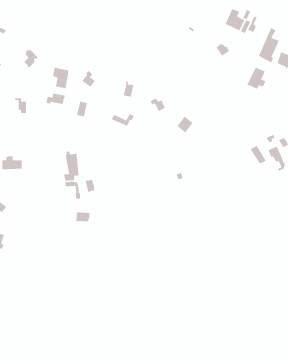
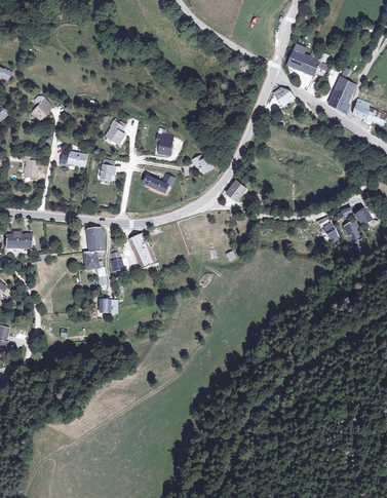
building: [246,67,267,90] -> none
building: [52,67,70,89] -> none
building: none -> [128,233,157,269]

